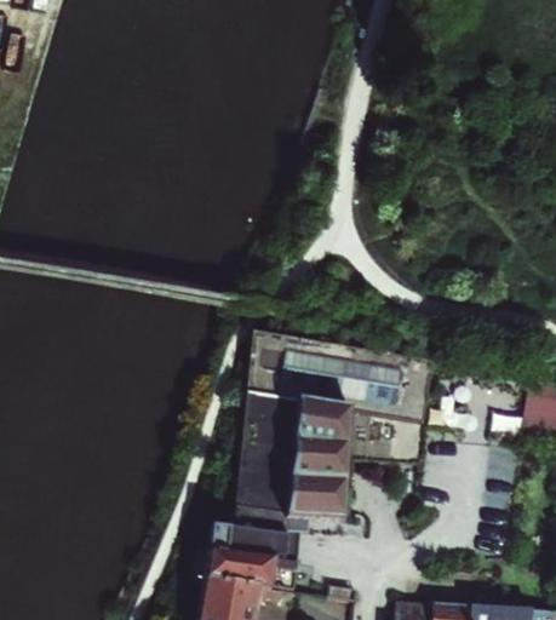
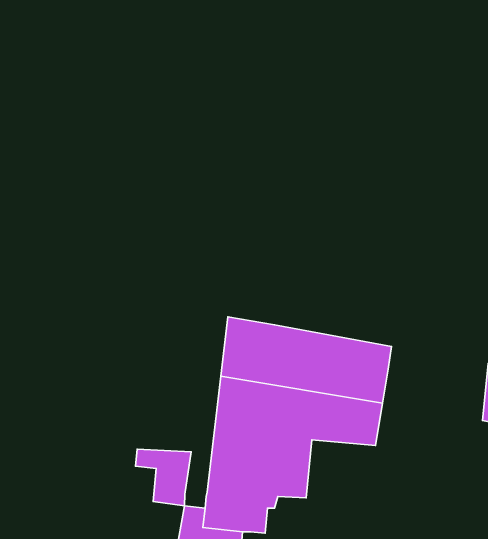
building: none -> [136,449,191,506]

